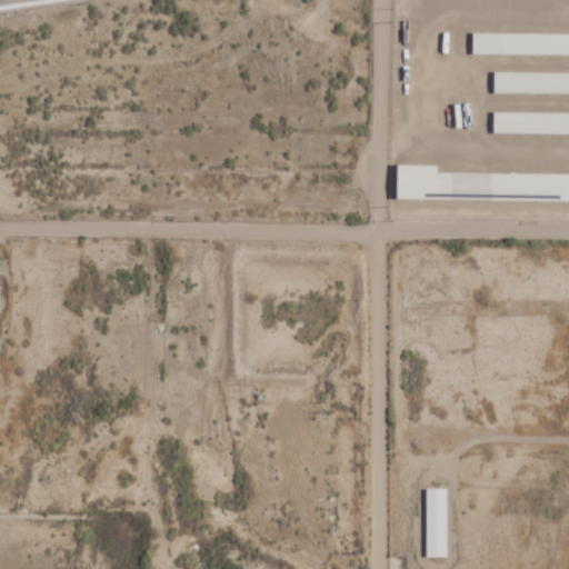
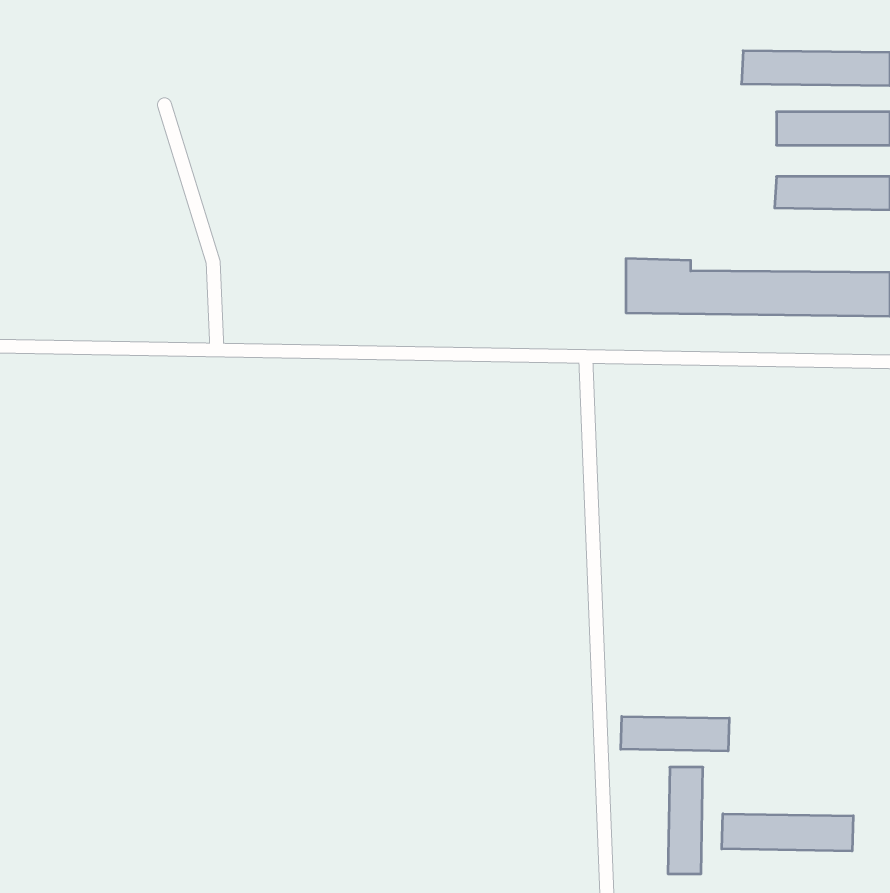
building: none -> [621,716,729,751]
building: none -> [722,814,853,851]

